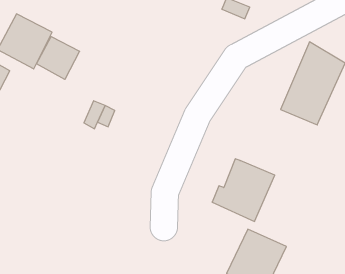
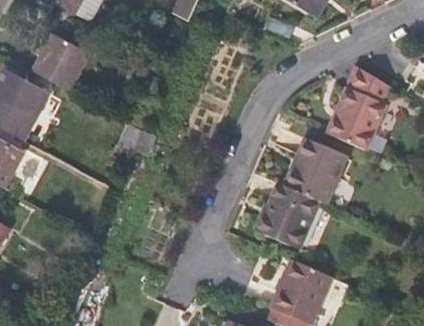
building: [36,37,80,79] -> none
building: none -> [284,138,346,205]

